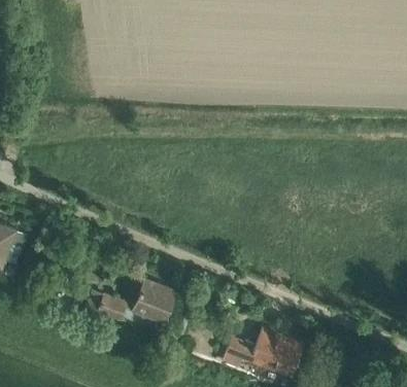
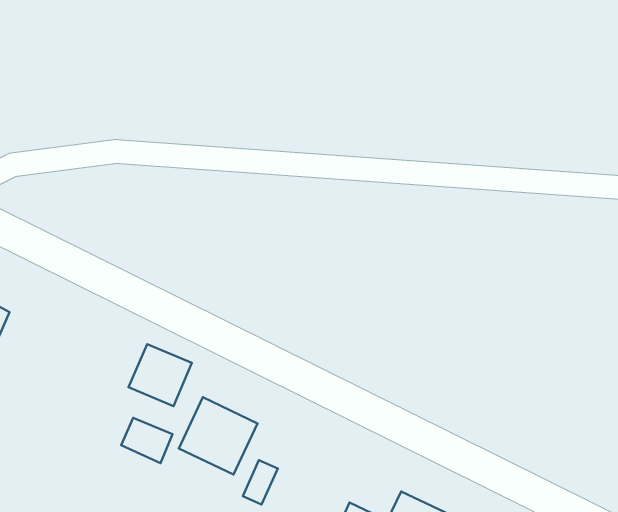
building: none -> [129,344,192,406]

